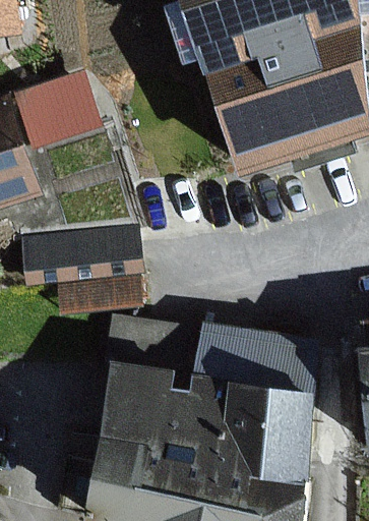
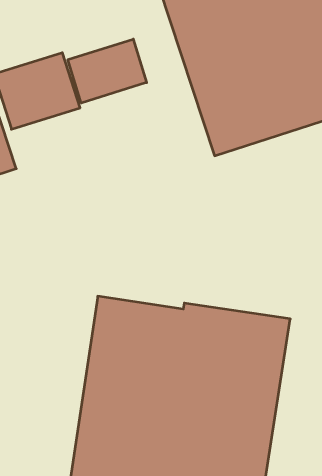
building: none -> [68,39,147,103]
building: [22,229,135,311] -> none

